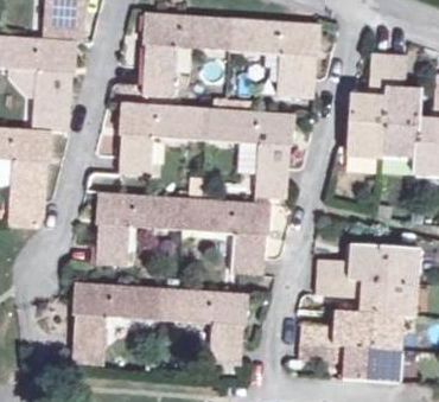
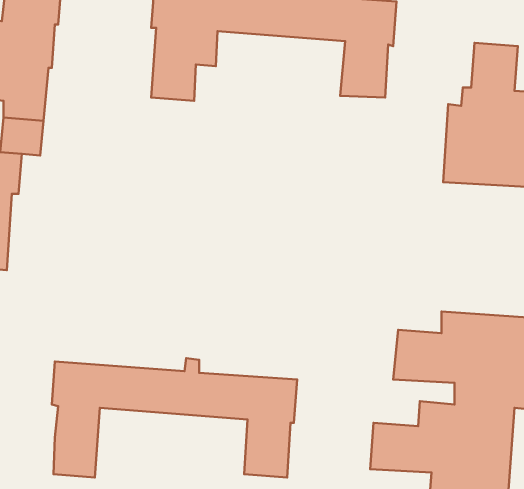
building: [119,96,294,197] -> none
building: [95,192,272,273] -> none

